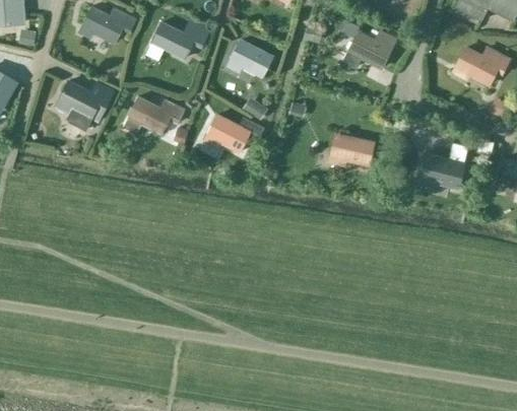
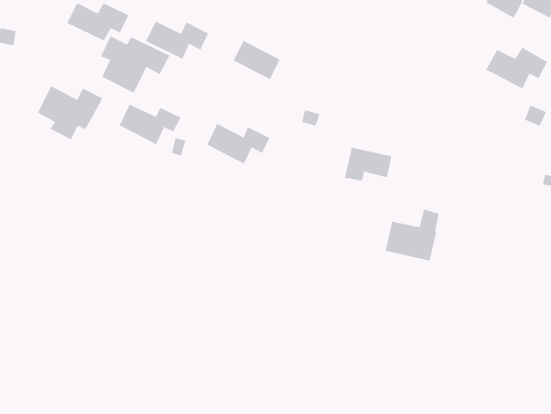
building: [339,20,396,69] -> none
building: none -> [100,36,170,94]
building: [418,142,467,189] -> [385,209,439,261]

